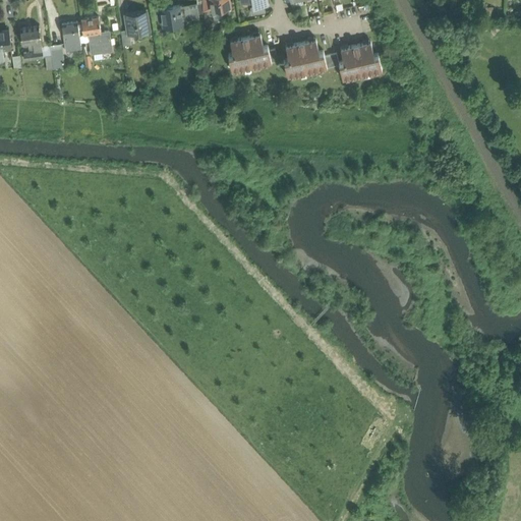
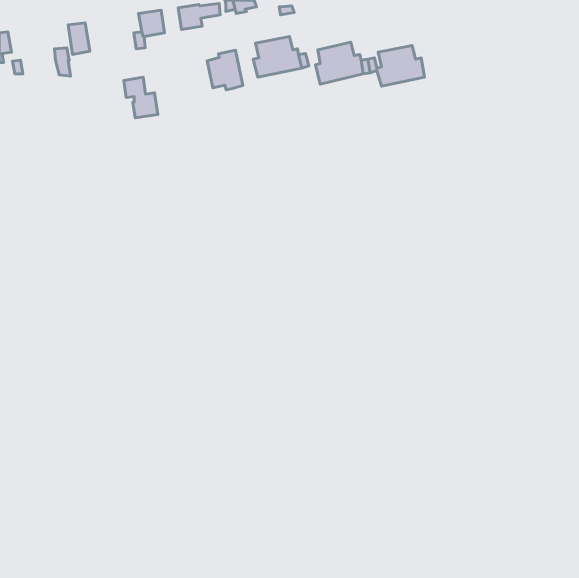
building: [80,17,111,54] -> [124,77,158,118]
building: [19,26,43,60] -> none
building: none -> [207,50,243,90]

